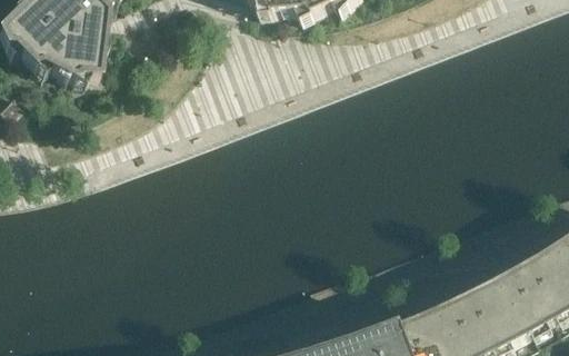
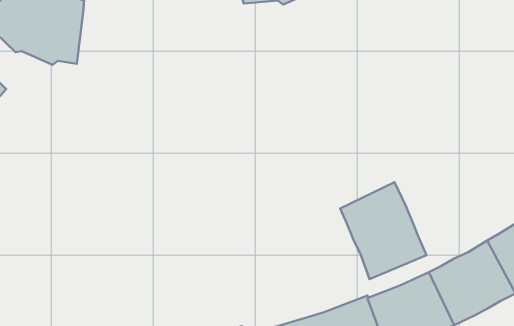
building: none -> [340,182,427,279]

